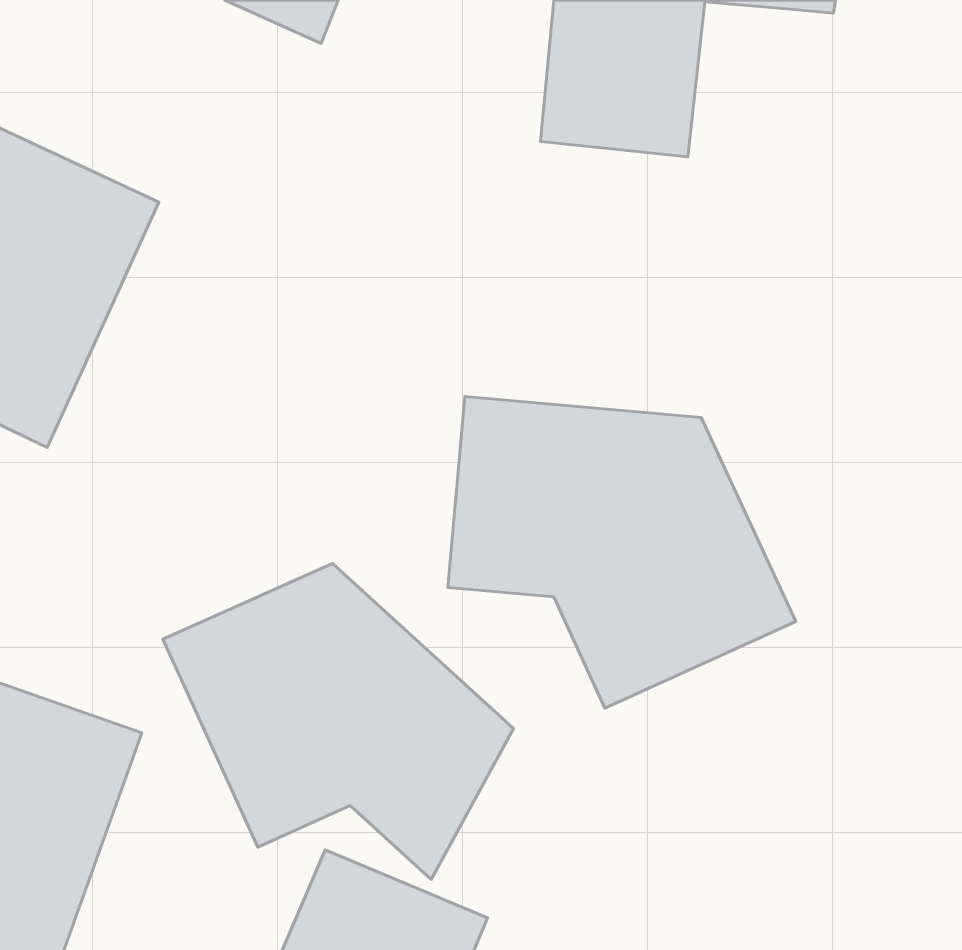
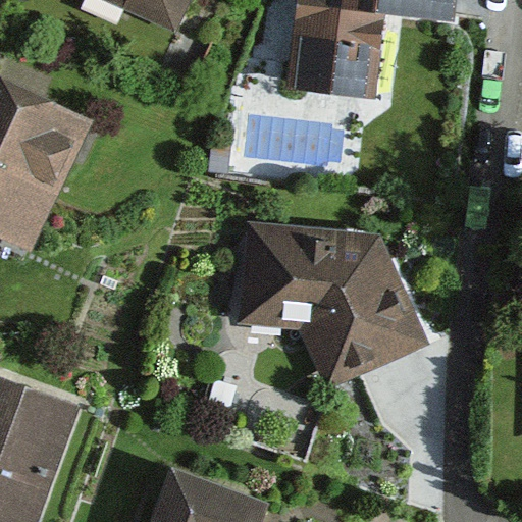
building: [163,564,514,879] -> none

